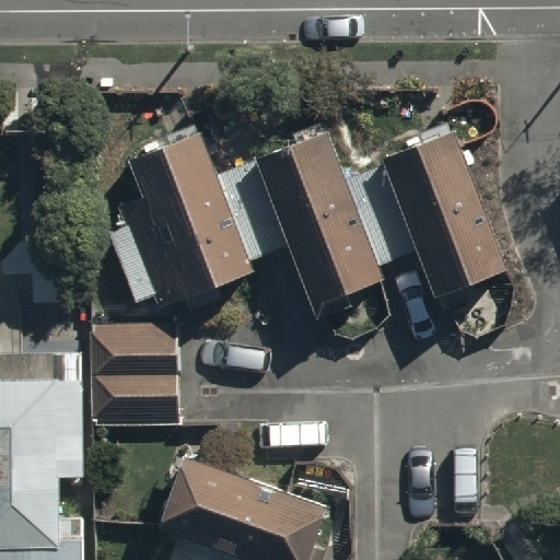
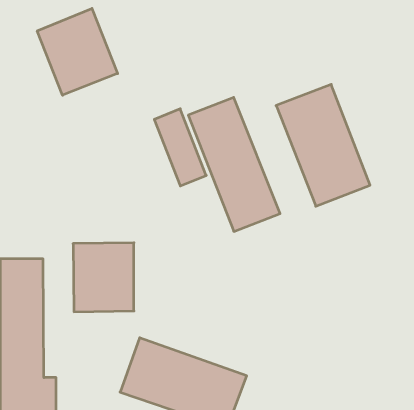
building: none -> [37,8,118,95]
building: [106,125,245,299] -> none

